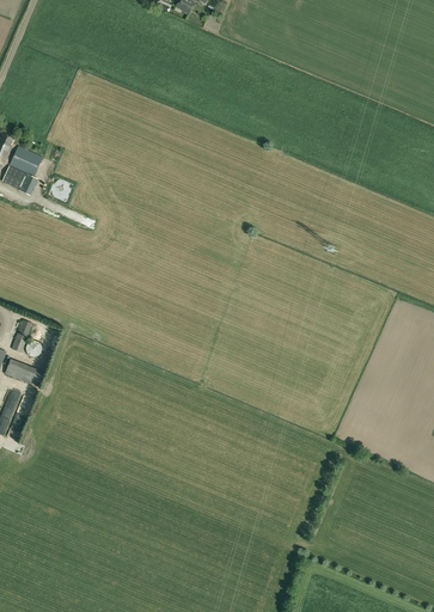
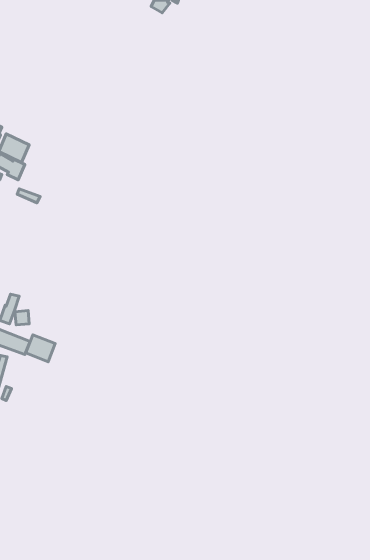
building: none -> [26,335,55,362]

